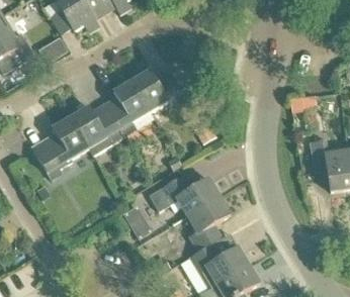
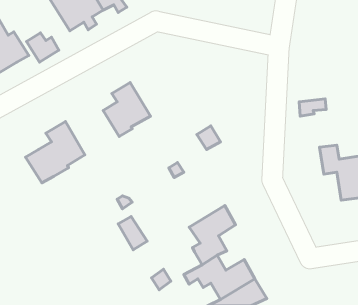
building: [132,69,182,111] -> none
building: [71,105,124,155] -> none
building: [150,173,221,215] -> none

